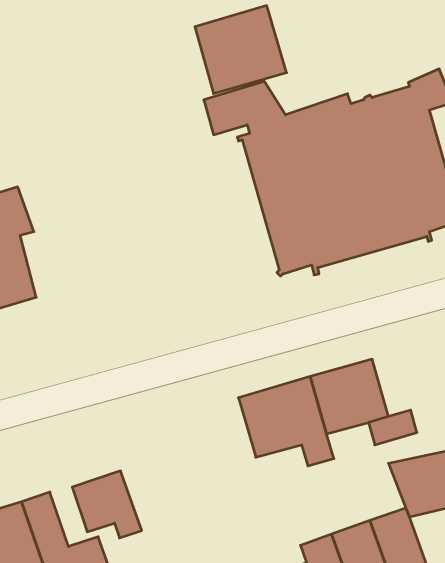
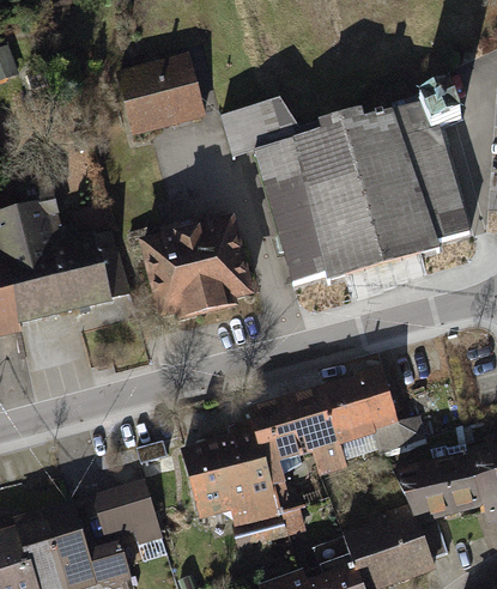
building: [195,6,287,94] -> [120,54,208,139]
building: none -> [42,218,126,309]
building: none -> [138,219,248,318]
building: none -> [183,418,285,528]

